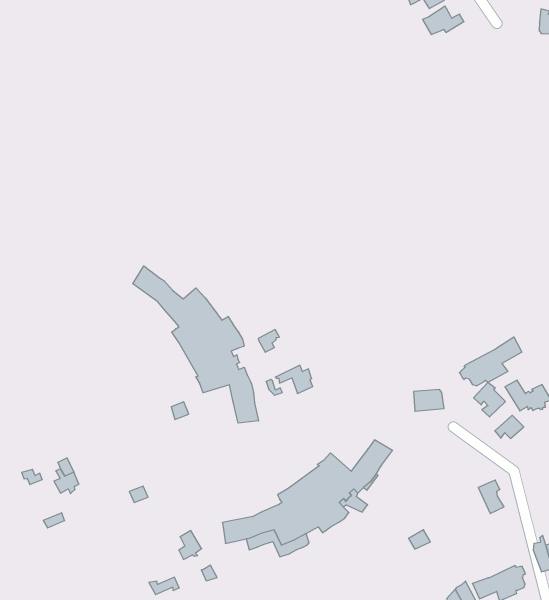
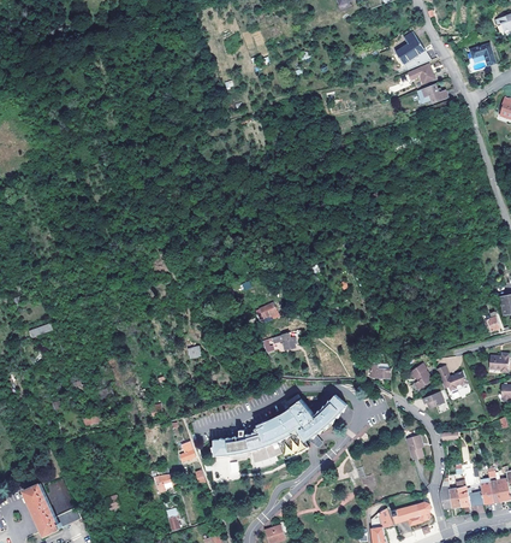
building: [133,266,259,423] -> none
building: [459,337,522,386] -> none

